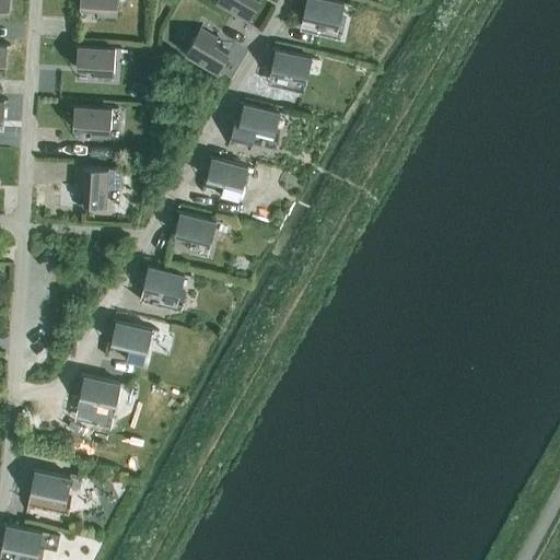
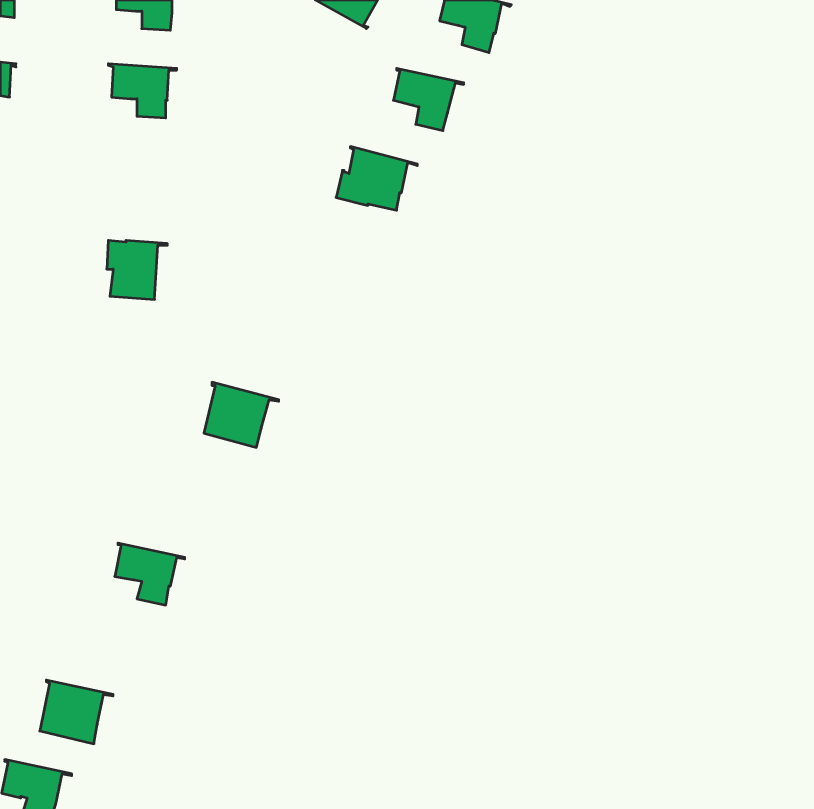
building: [179,26,230,77] -> none
building: [71,107,119,144] -> none
building: [206,158,255,202] -> none
building: [174,213,223,257] -> none
building: [110,322,159,365] -> none

